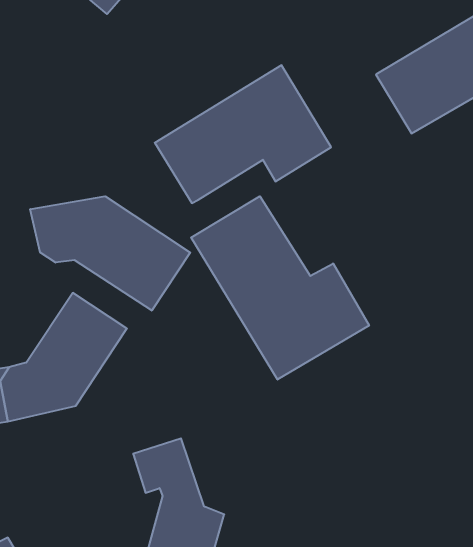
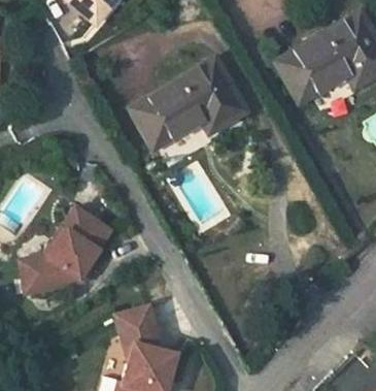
building: [191,196,369,380] -> none
building: [30,196,190,311] -> none

